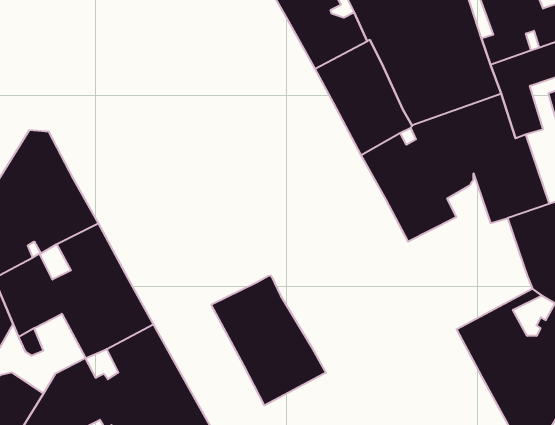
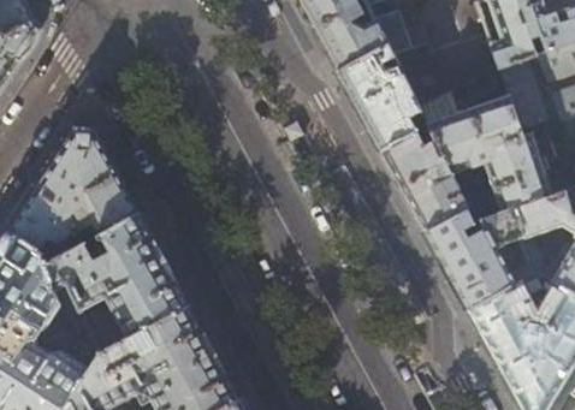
building: none -> [423,208,538,310]
building: [211,275,326,405] -> none

